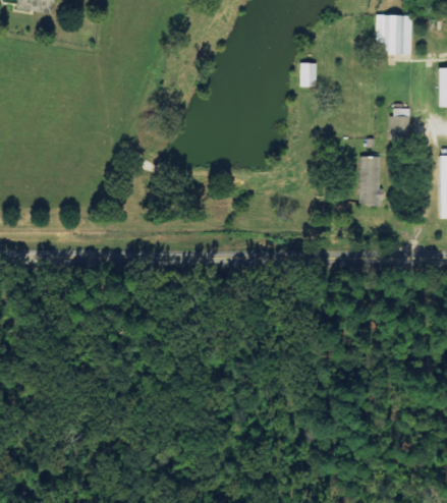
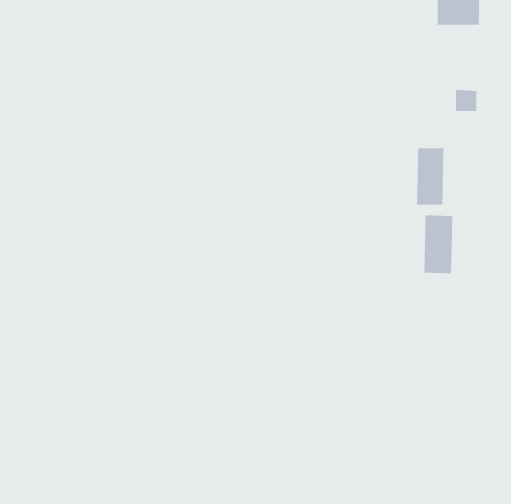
building: [299,63,317,87] -> none
building: none -> [424,214,453,274]

